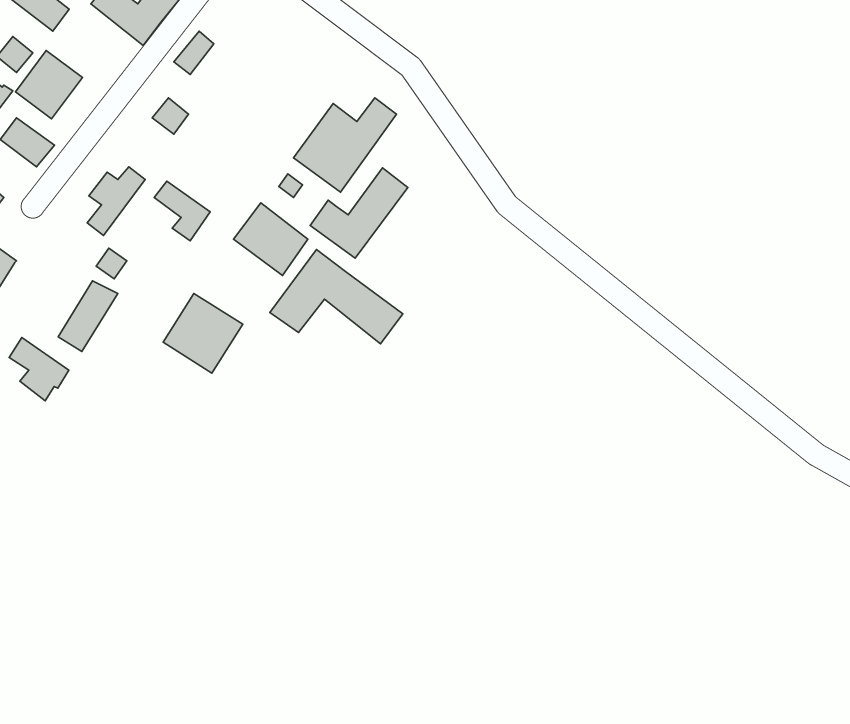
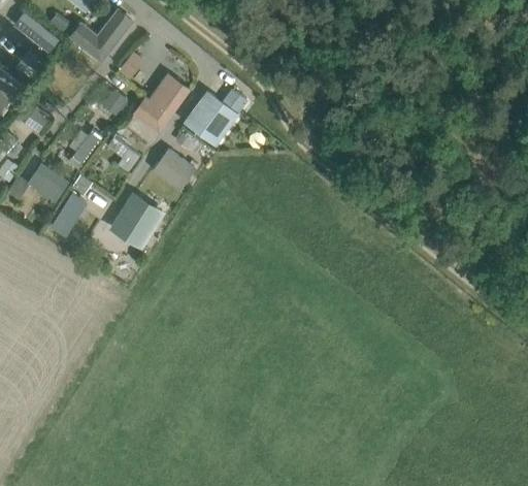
building: [15,50,82,119] -> none
building: [310,168,408,258] -> [133,78,189,130]
building: [270,249,403,344] -> none
building: [9,338,69,401] -> [33,164,67,200]

